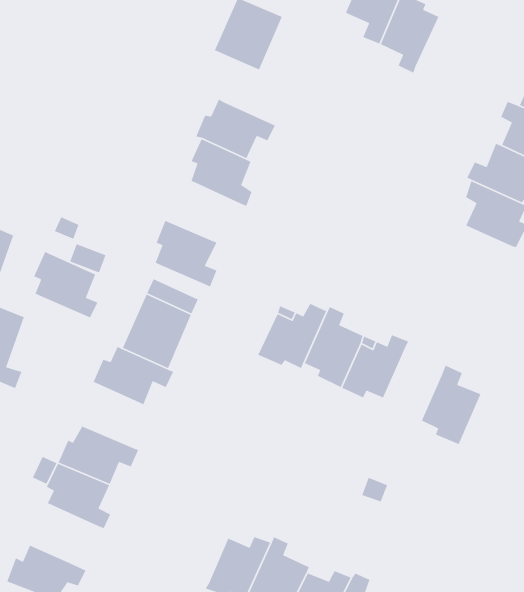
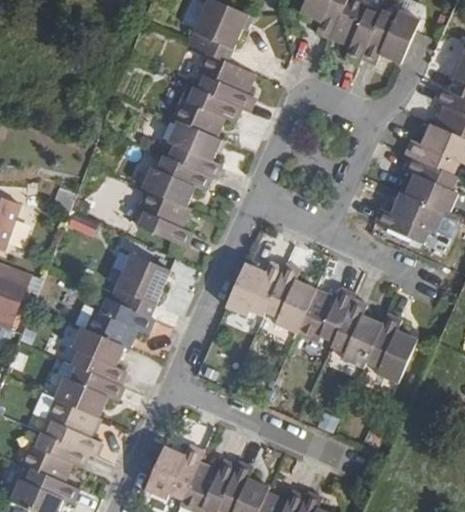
building: none -> [361,10,419,65]
building: none -> [197,52,251,110]
building: none -> [141,154,211,206]
building: none -> [374,192,443,243]
building: [33,251,99,318] -> [70,326,126,384]
building: none -> [331,297,382,366]
building: none -> [20,430,89,482]
building: none -> [145,445,204,500]

